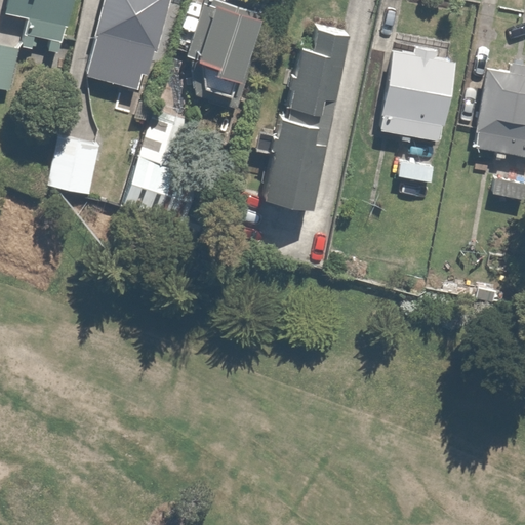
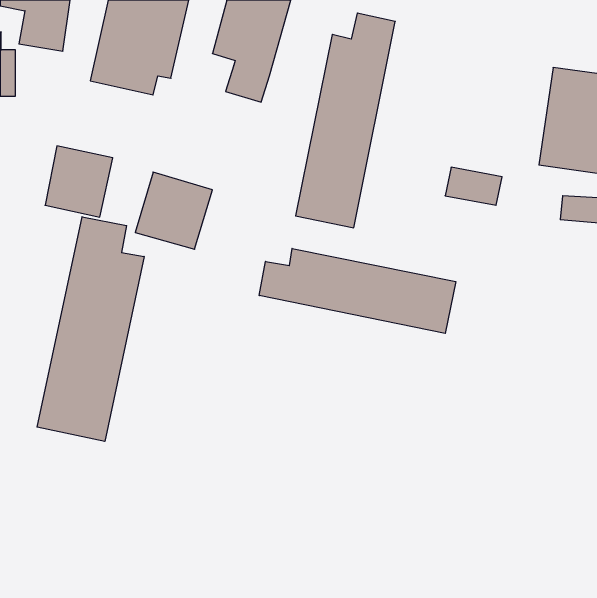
building: [379,43,457,139] -> none
building: none -> [37,217,144,441]
building: none -> [259,248,456,333]

